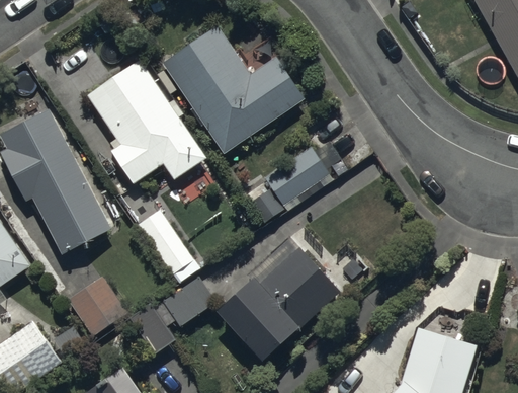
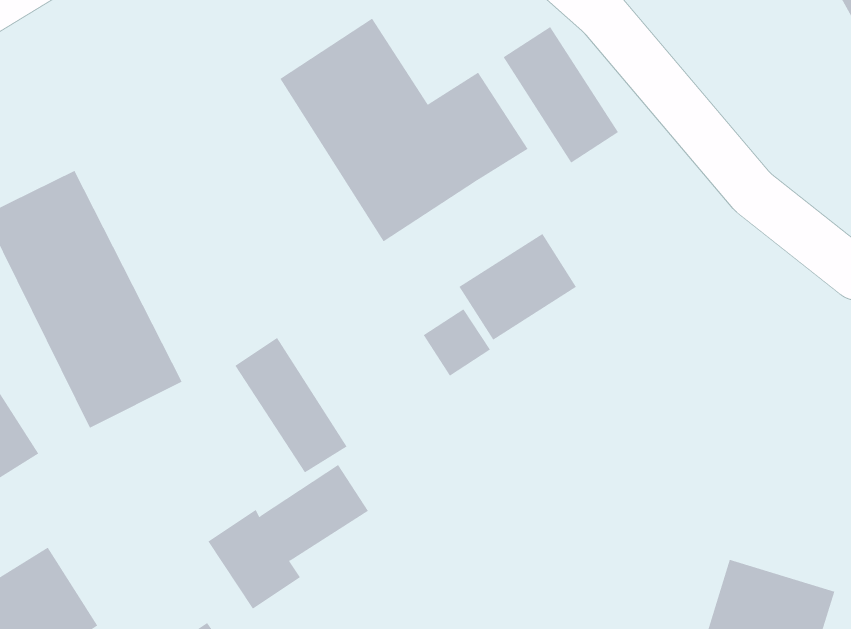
building: none -> [503,26,619,163]
building: [88,59,207,184] -> none
building: [219,240,342,361] -> none
building: [65,272,127,335] -> none

